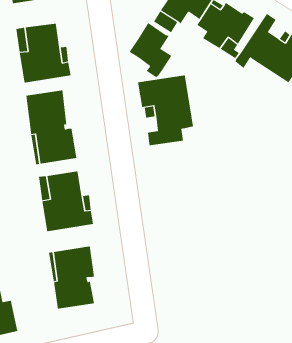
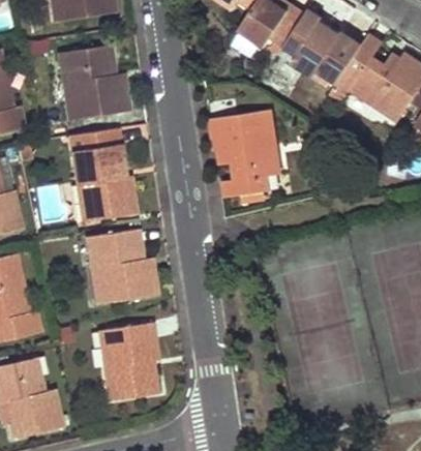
building: [129,22,172,78] -> none

